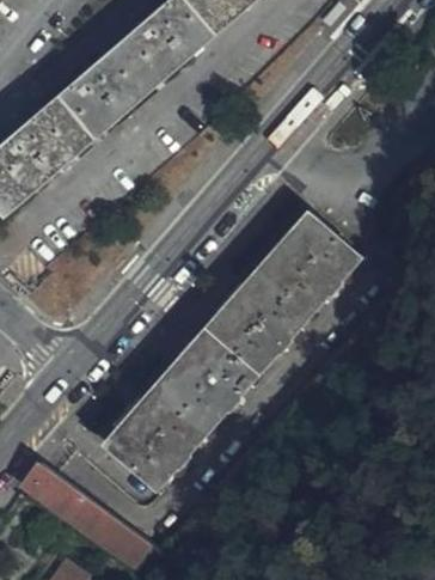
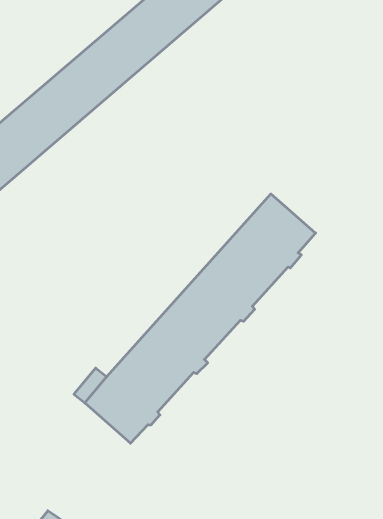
building: [24,464,148,564] -> none

